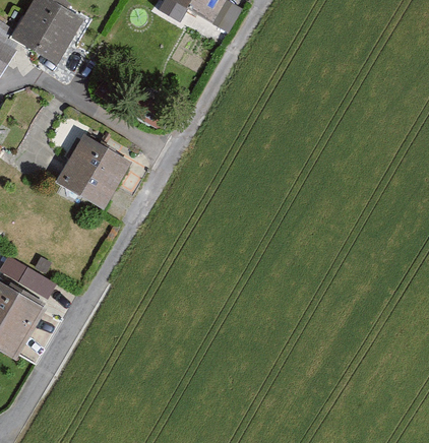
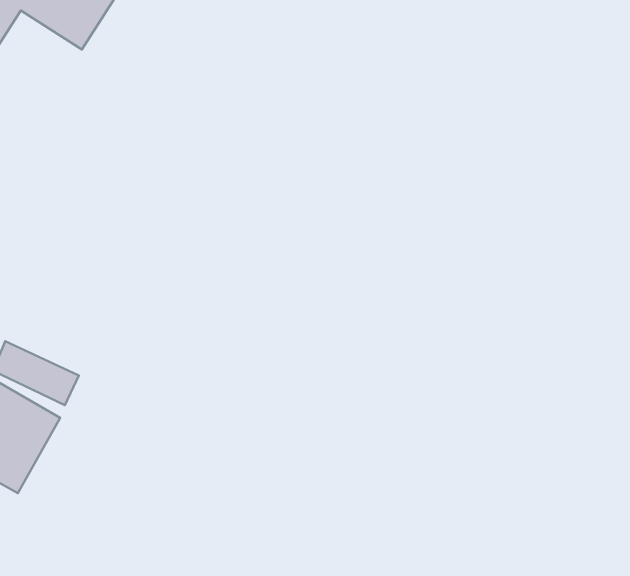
building: [57,135,126,204] -> none

